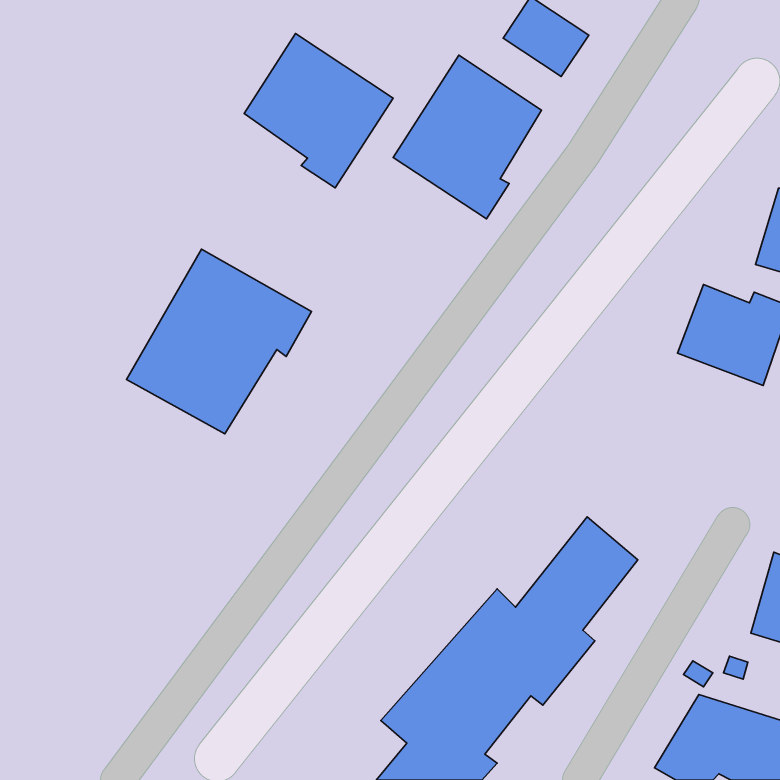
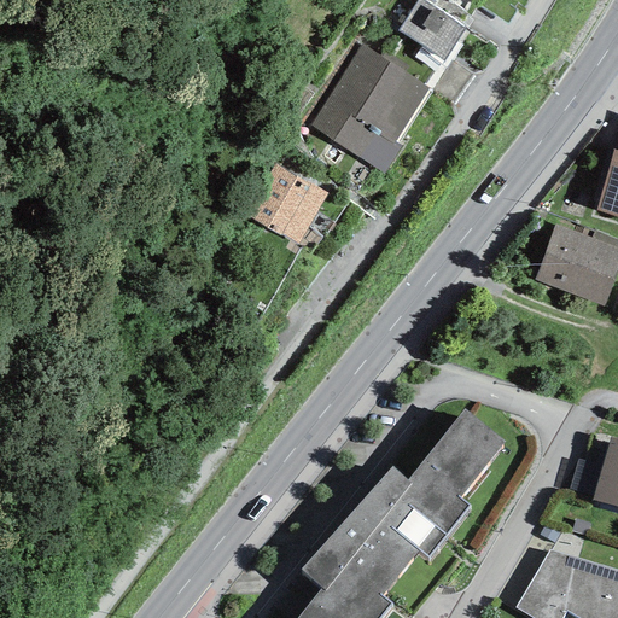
building: [244,33,393,188] -> none
building: none -> [246,163,328,244]
building: [126,249,312,434] -> none

